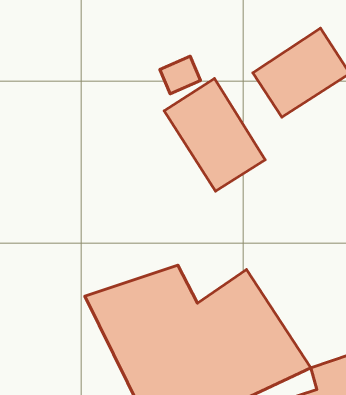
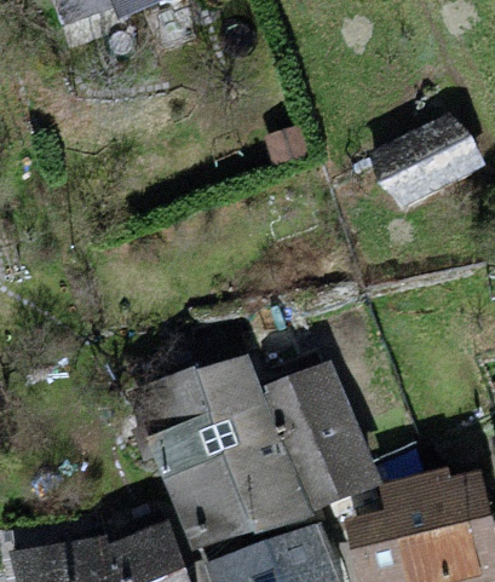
building: [164,78,265,191] -> none

